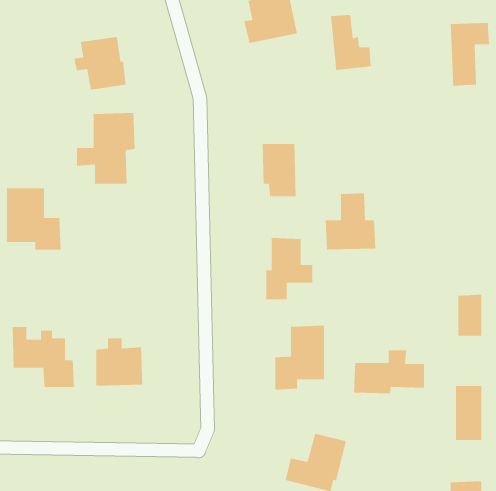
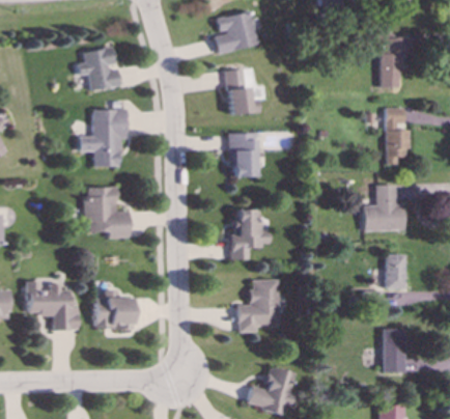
building: [330,14,371,71] -> [226,68,259,114]
building: none -> [386,108,409,164]
building: [6,188,62,251] -> [85,187,130,238]
building: [325,192,376,250] -> [363,184,404,230]
building: [353,350,425,394] -> none

